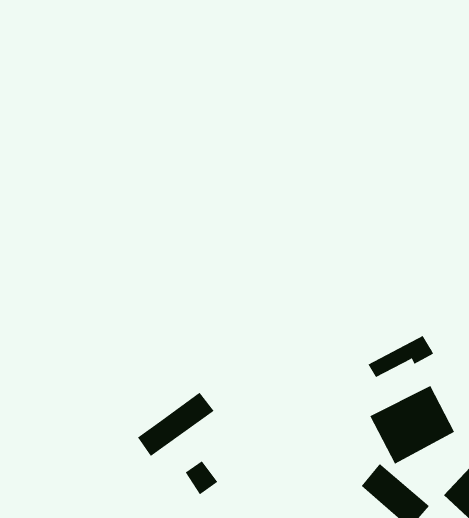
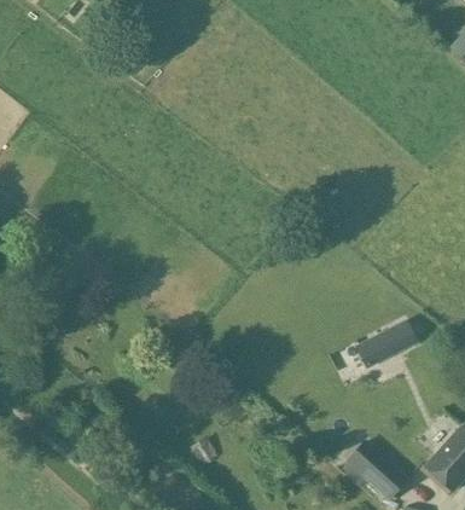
building: [369,385,455,465] -> none
building: [137,392,215,457] -> none

